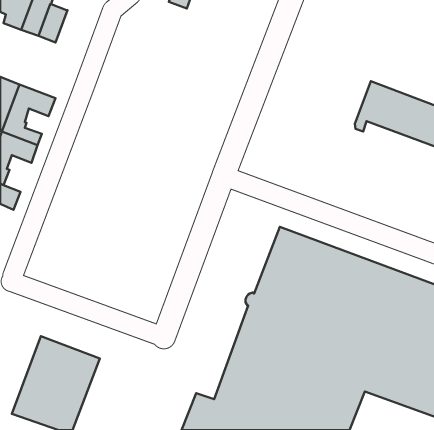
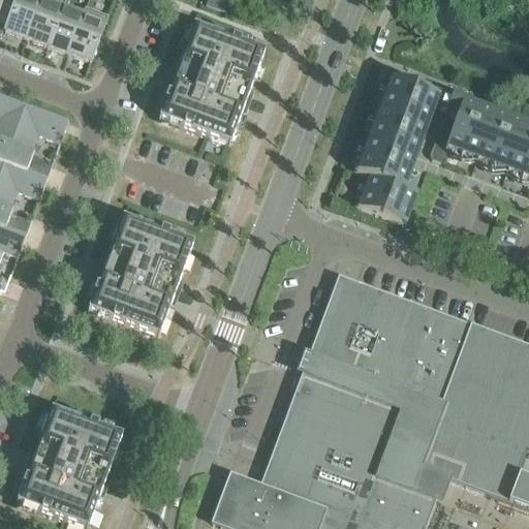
building: none -> [69,5,108,60]
building: none -> [159,24,264,144]
building: none -> [357,64,438,220]
building: none -> [88,215,193,335]

